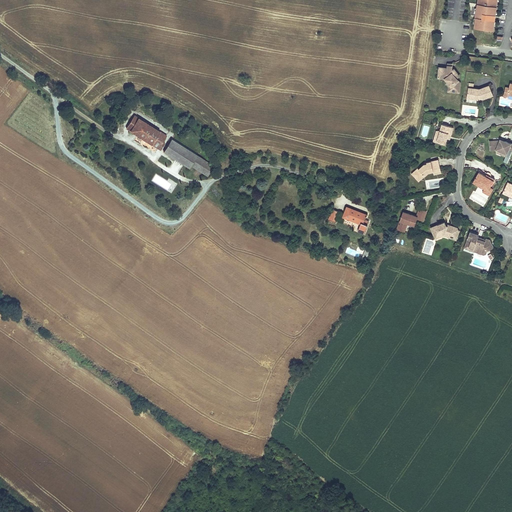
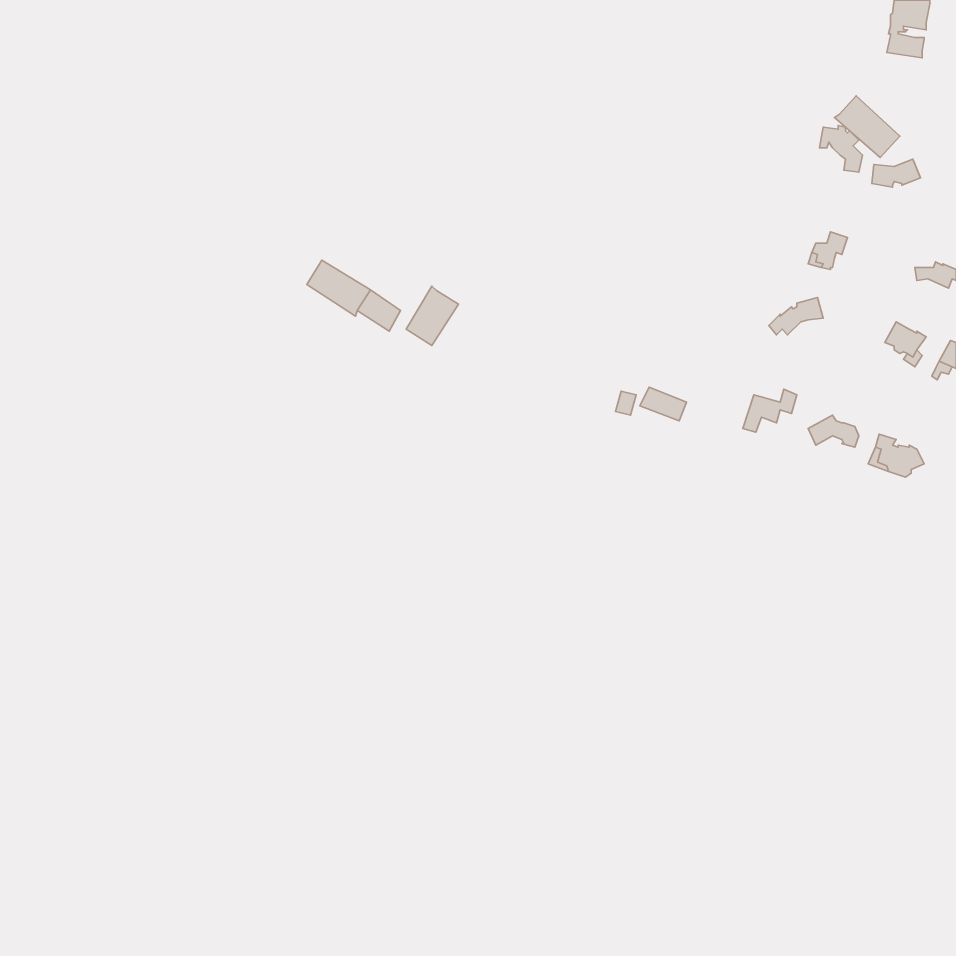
building: none -> [835,96,900,157]
building: [130,117,167,150] -> none
building: none -> [406,286,458,346]

